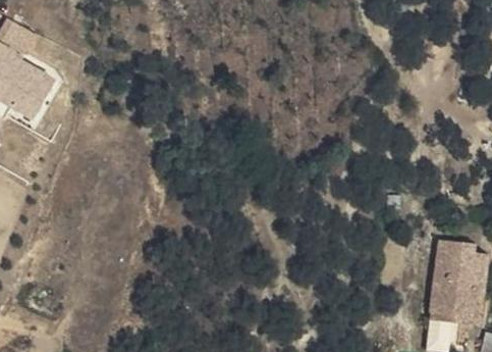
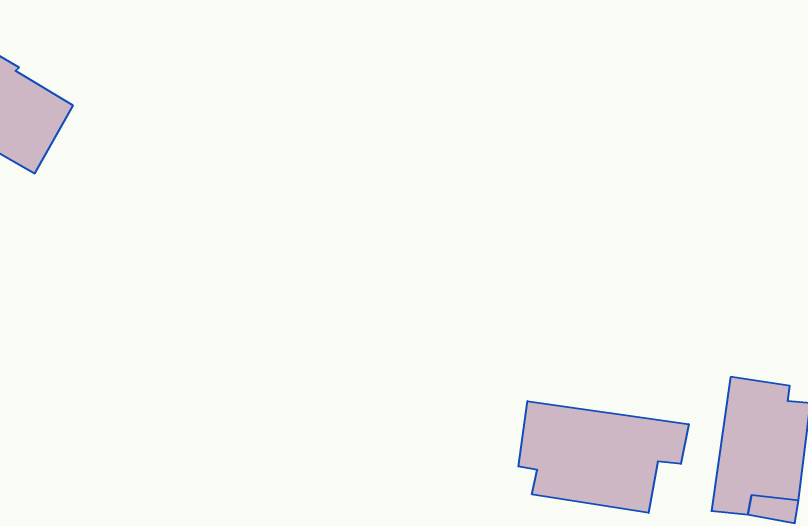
building: none -> [519,401,689,513]

